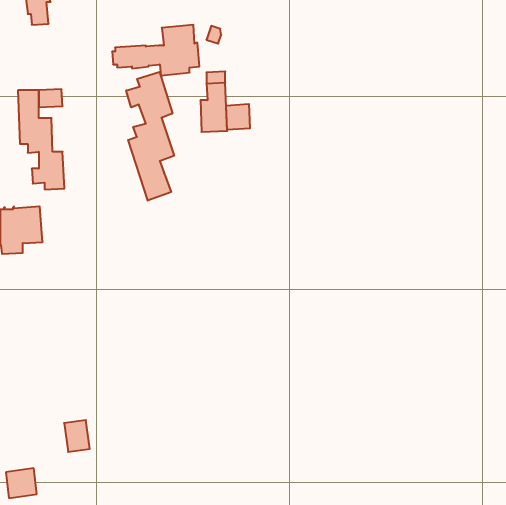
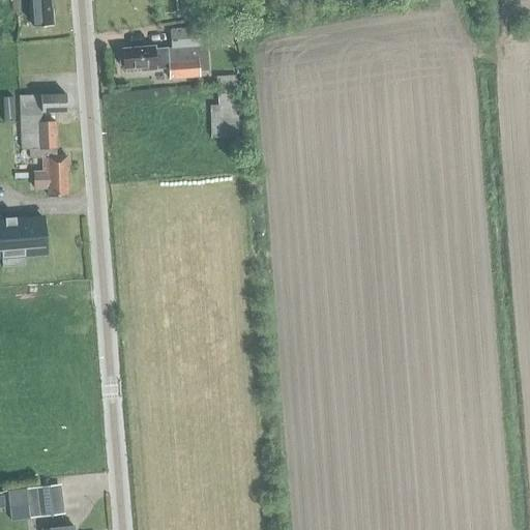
building: [126,72,174,201] -> none
building: [226,104,250,130] -> none
building: [64,420,90,452] -> [36,483,63,517]

